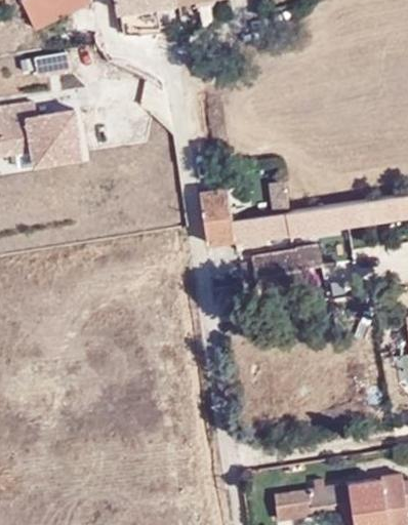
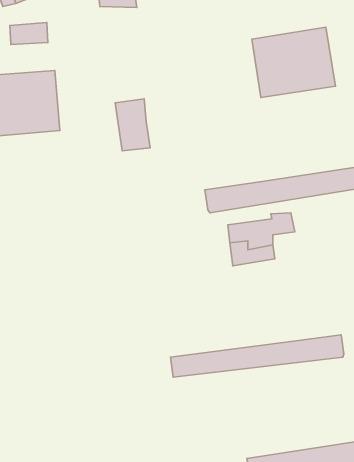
building: none -> [252,27,336,98]
building: [196,191,232,244] -> [115,99,150,151]
building: none -> [171,335,344,377]

